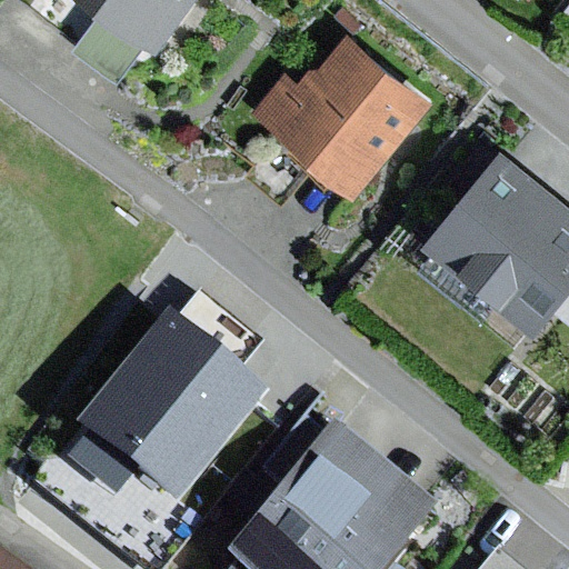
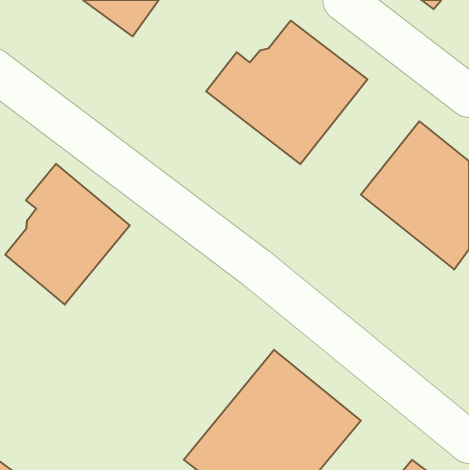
building: none -> [5,164,130,305]
building: [68,296,264,511] -> none

